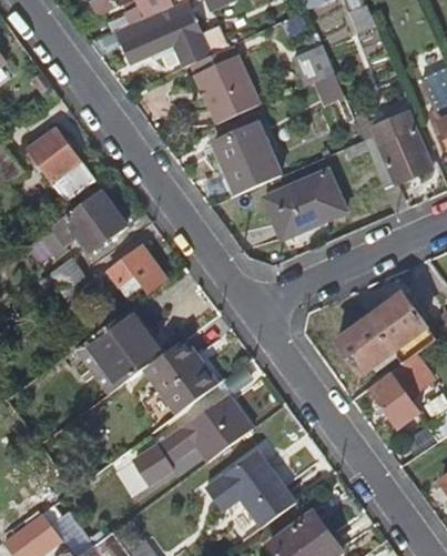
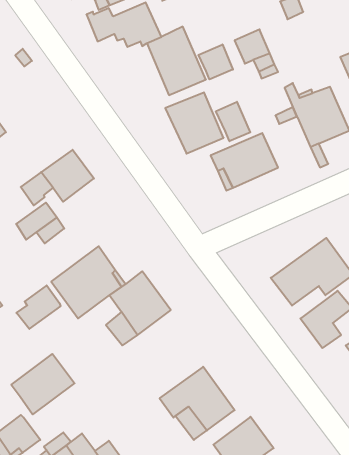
building: none -> [198,44,233,79]
building: [28,130,92,200] -> none
building: none -> [216,102,250,141]
building: [106,244,165,295] -> none
building: none -> [16,285,61,329]
building: [133,393,251,485] -> none
building: none -> [11,354,75,414]

